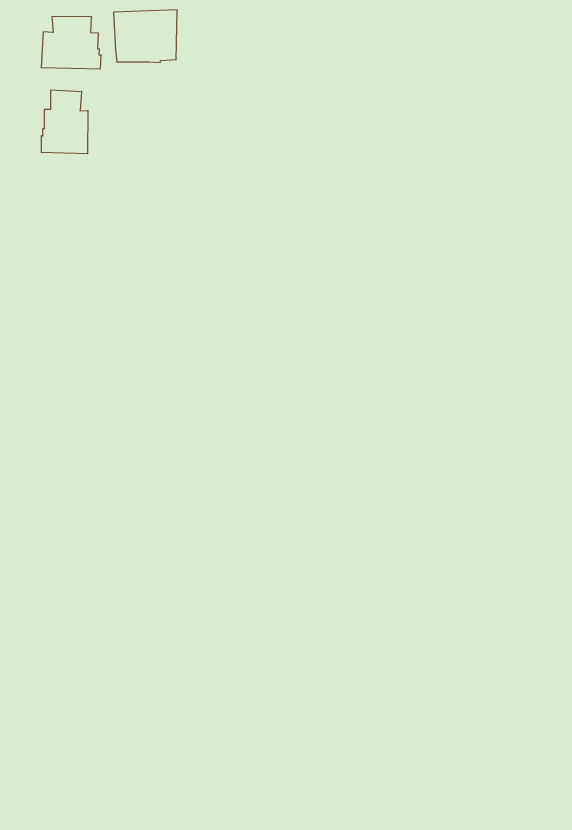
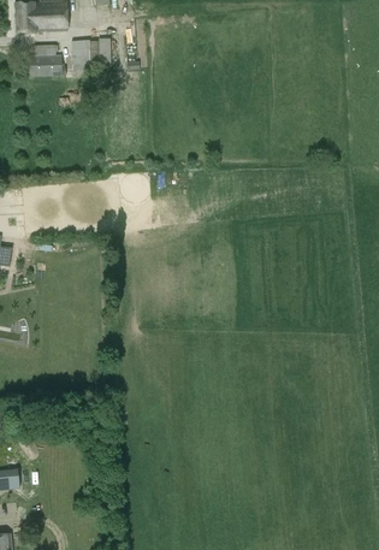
building: [41,90,88,154] -> none

